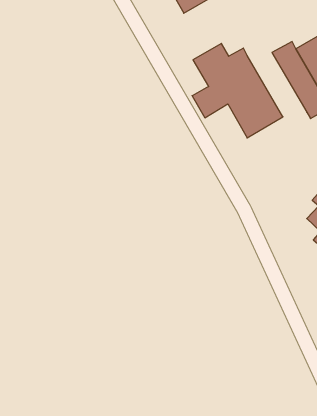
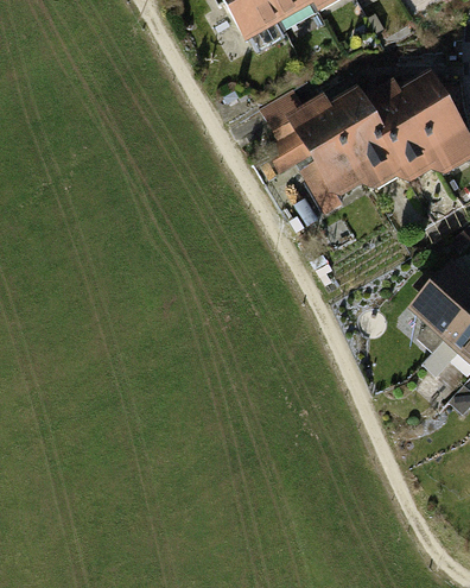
building: none -> [331,83,408,185]

